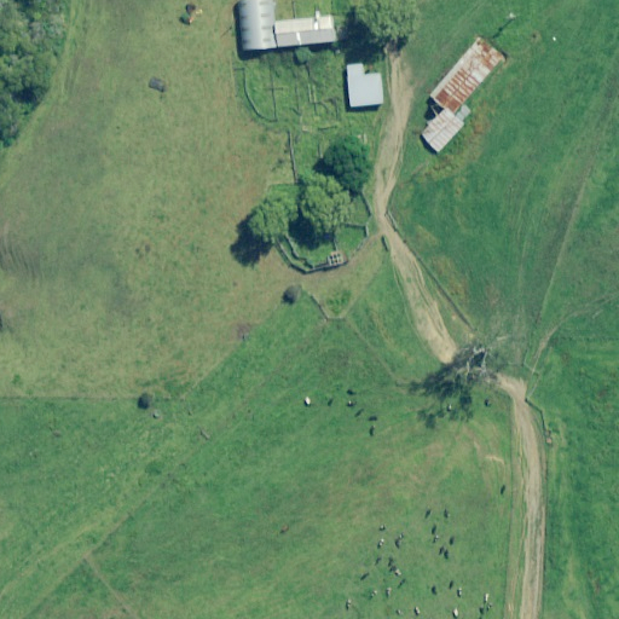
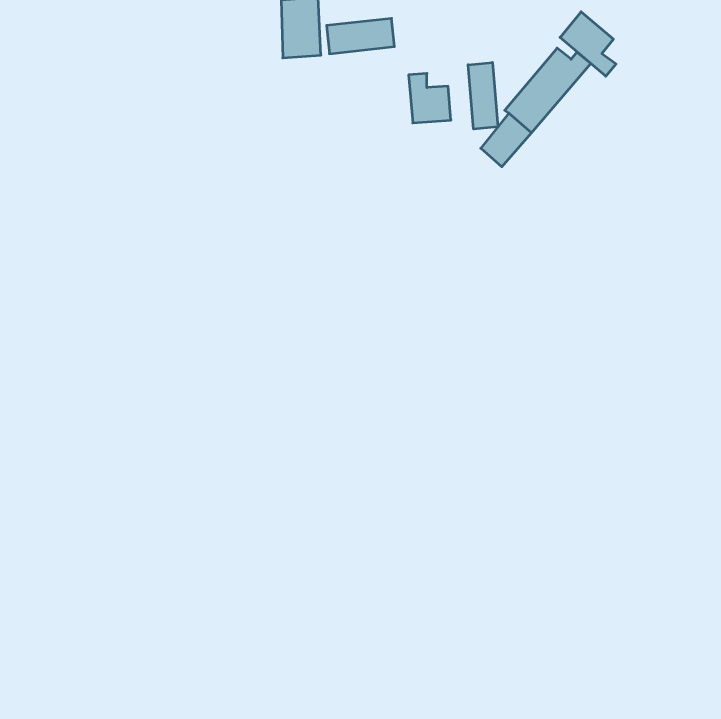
building: none -> [560,12,616,76]
building: none -> [468,62,498,129]

